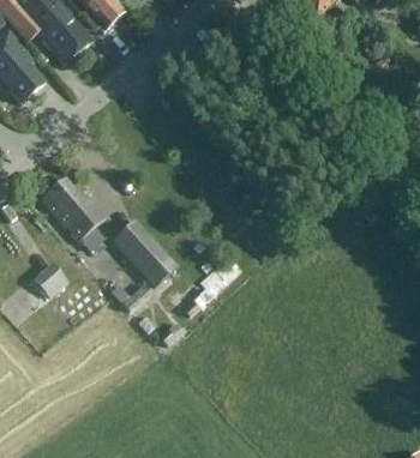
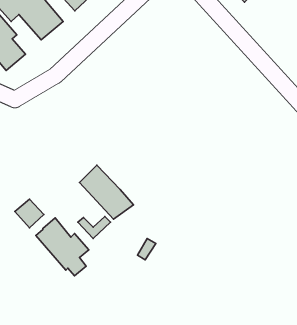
building: [40,176,106,248] -> [36,218,89,276]

